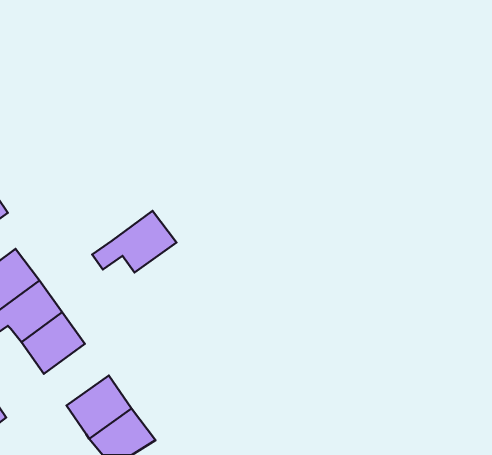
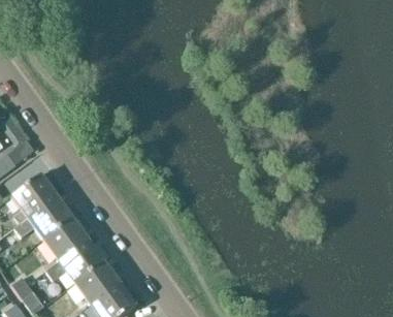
building: [92,211,177,273] -> [45,239,103,281]

